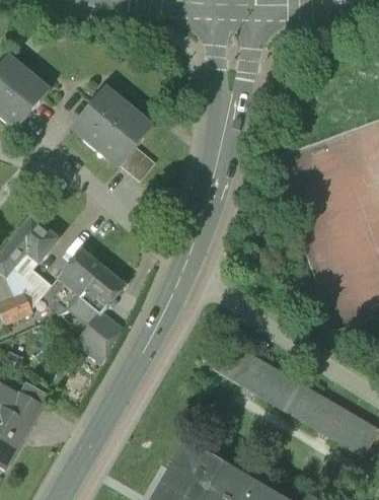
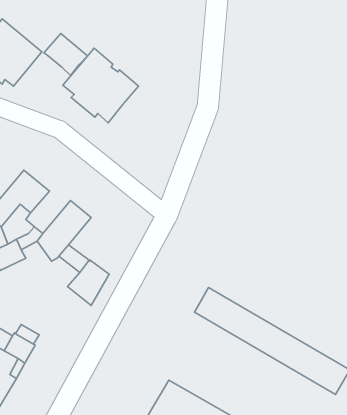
building: none -> [44,33,87,75]
building: [121,146,155,181] -> none
building: [78,267,125,313] -> none

